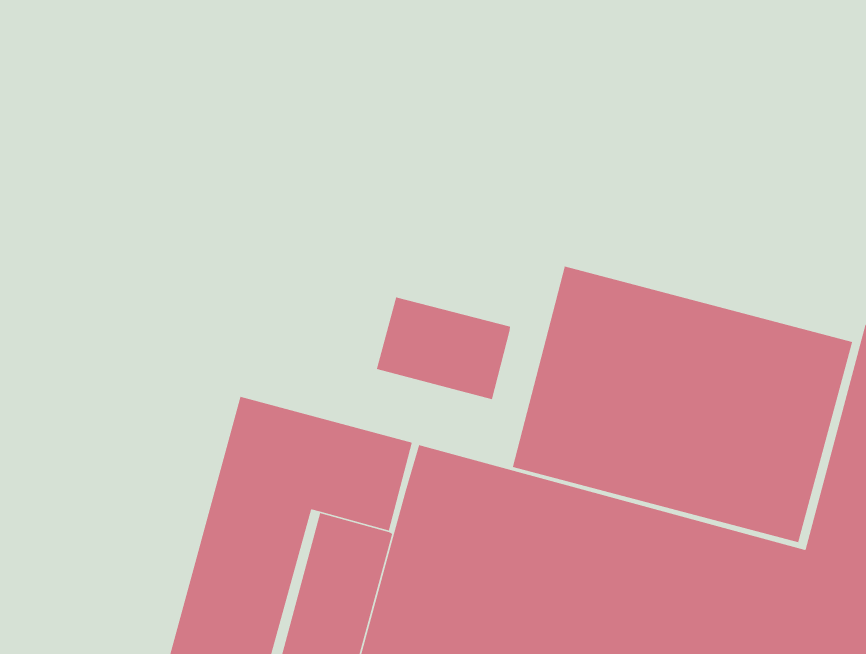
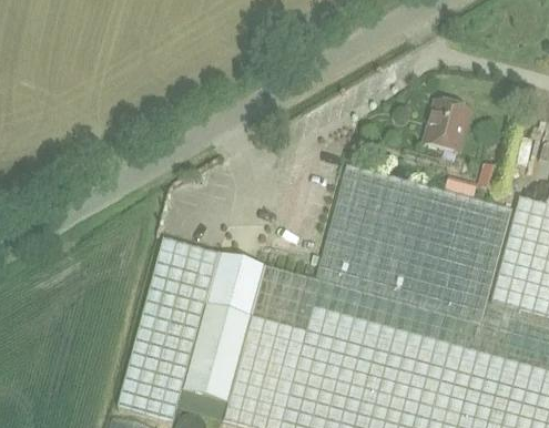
building: none -> [426,102,470,154]
building: [376,296,511,400] -> none

